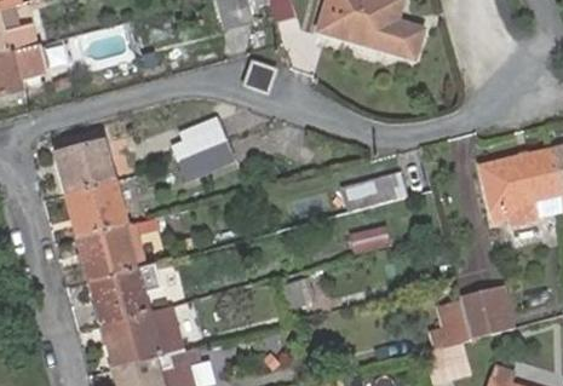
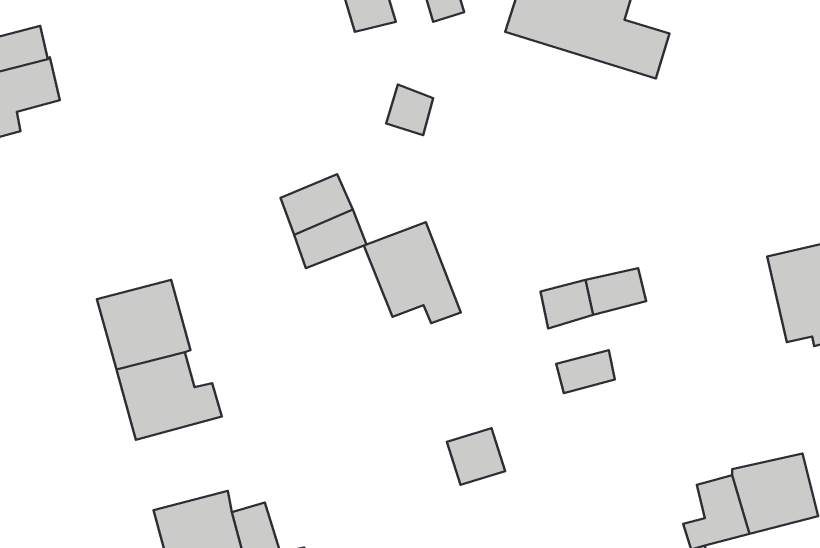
building: [57,142,113,192] -> none
building: none -> [364,222,461,323]
building: [91,264,157,323] -> none

